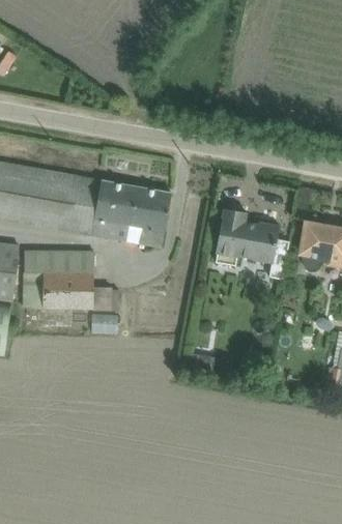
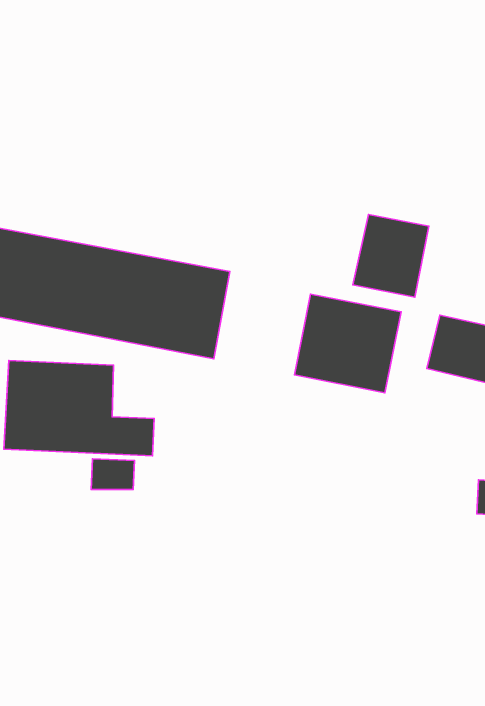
building: none -> [353,215,429,297]

